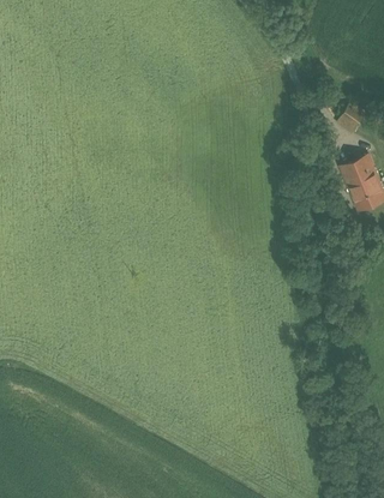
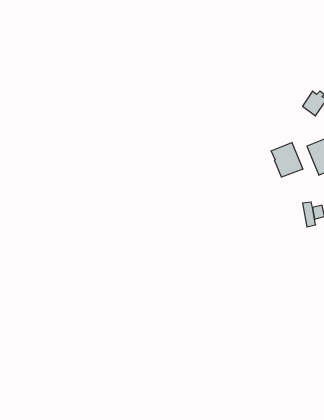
building: none -> [271,142,303,177]

